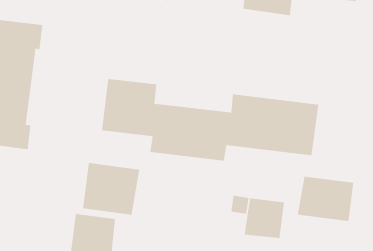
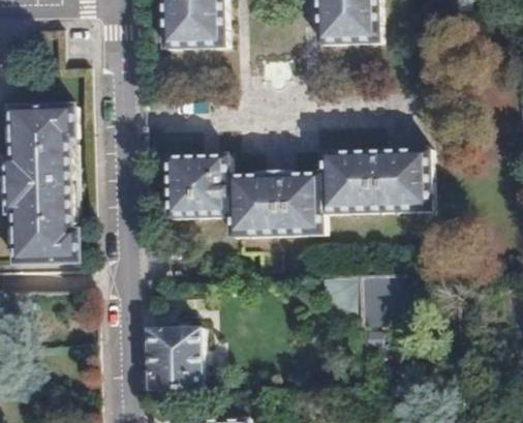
building: [83,162,140,215] -> none
building: [297,176,354,222] -> none

